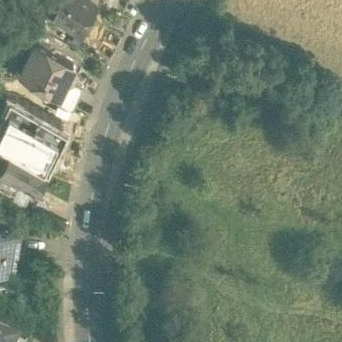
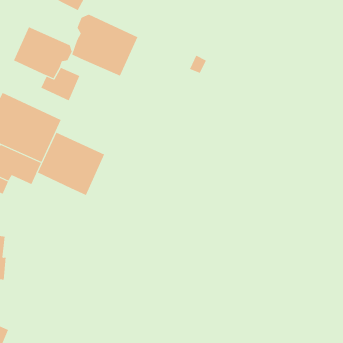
building: none -> [71,14,138,77]
building: none -> [37,132,105,196]

